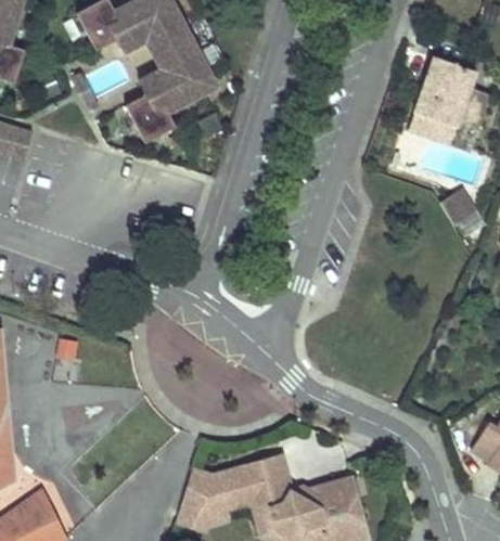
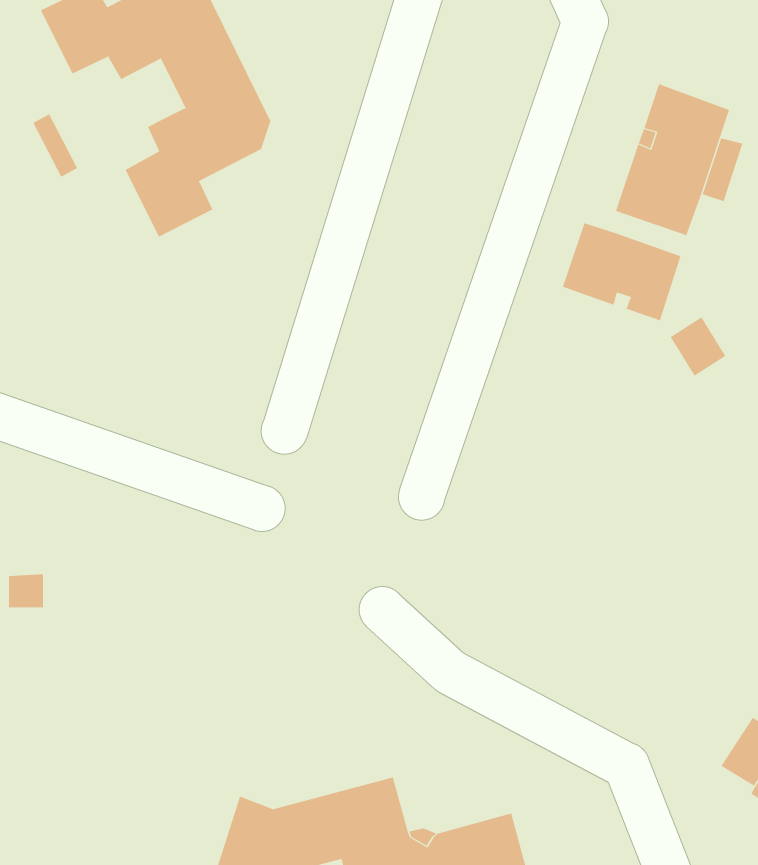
building: none -> [562,223,681,321]

